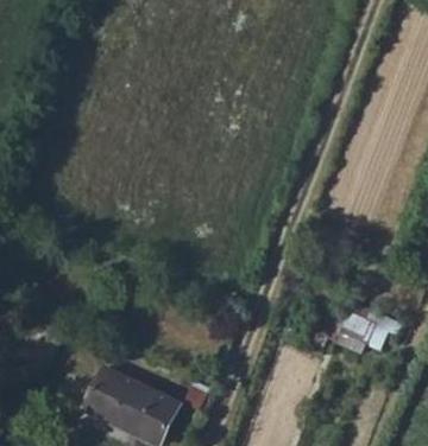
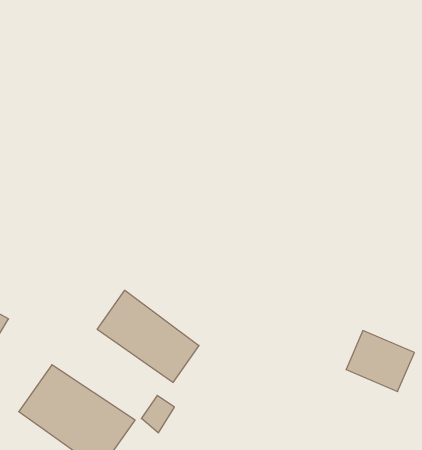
building: none -> [97,290,199,382]

